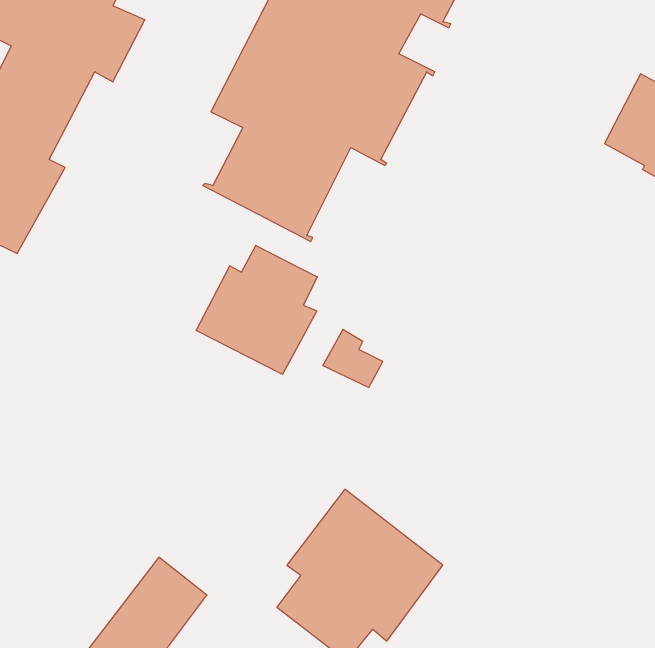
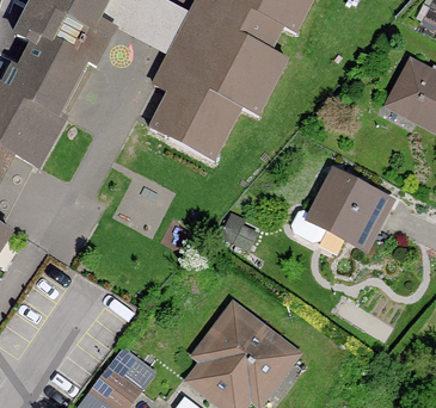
building: [196,245,317,374] -> none
building: none -> [291,172,388,246]

